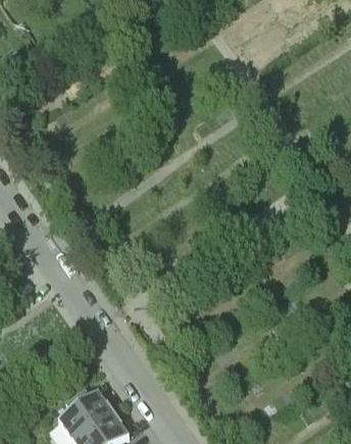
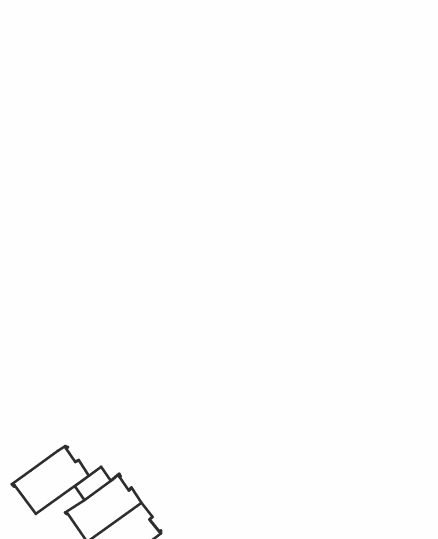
building: none -> [12,446,89,514]

